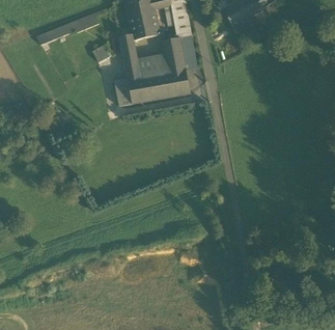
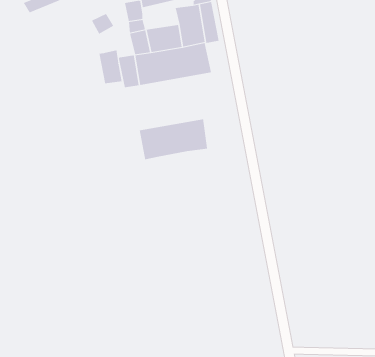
building: none -> [99,50,122,84]
building: none -> [139,119,208,160]

